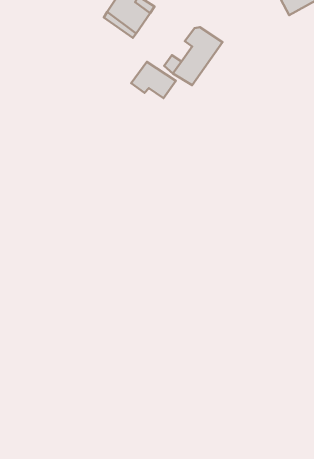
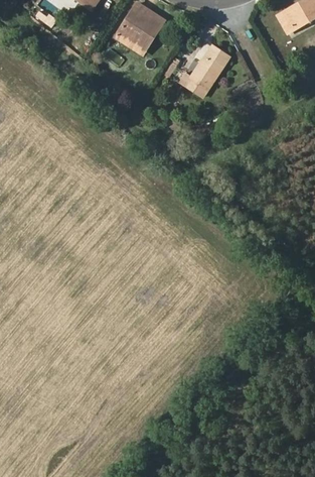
building: [131,62,176,98] -> none

